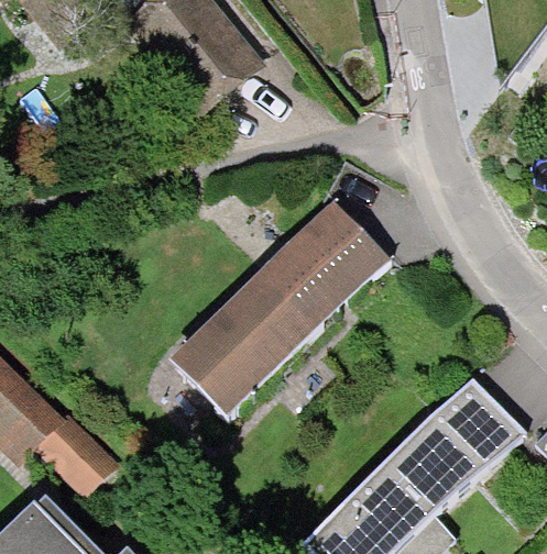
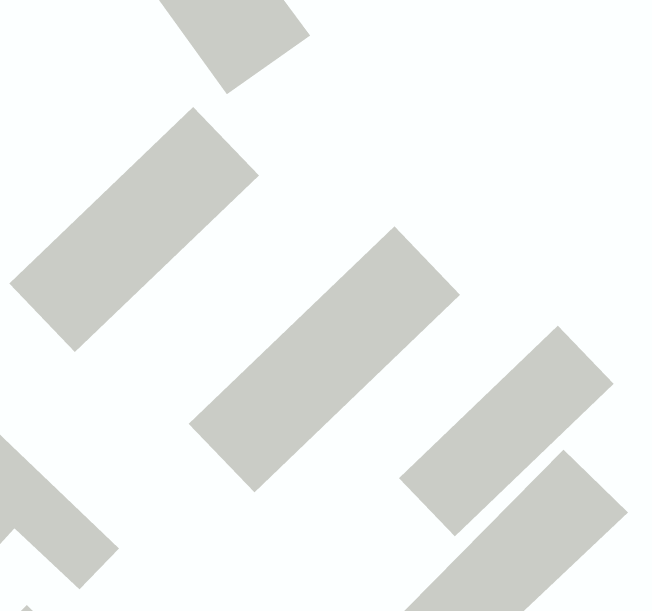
building: none -> [8,106,260,353]
building: none -> [398,325,614,537]

